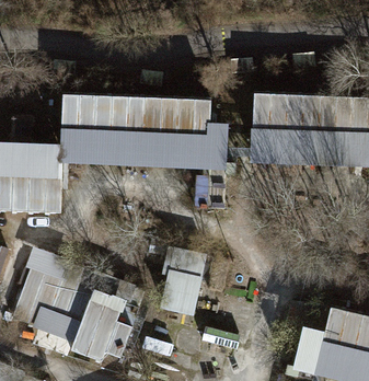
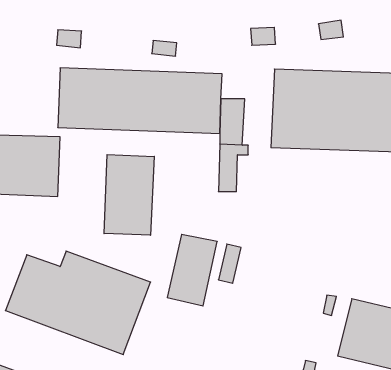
building: none -> [104,155,154,235]

